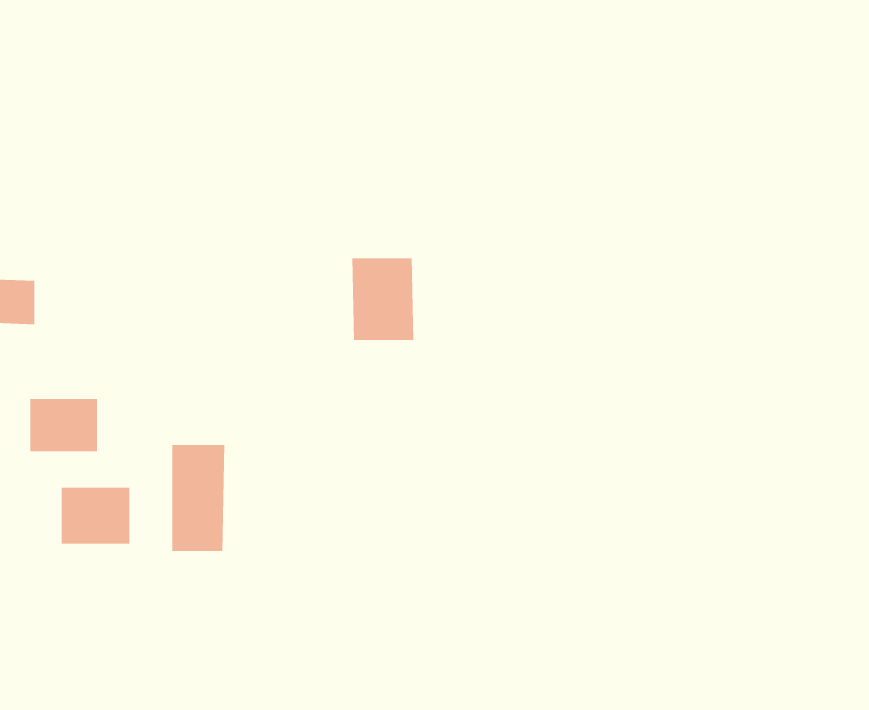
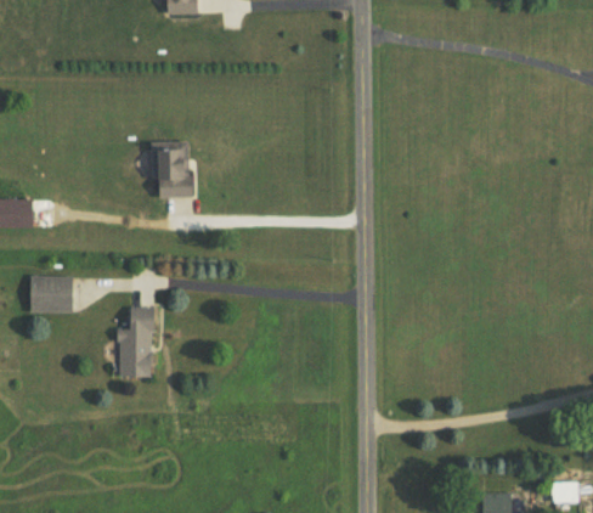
building: [351,258,414,341] -> [152,142,193,197]
building: [61,487,130,544] -> none

